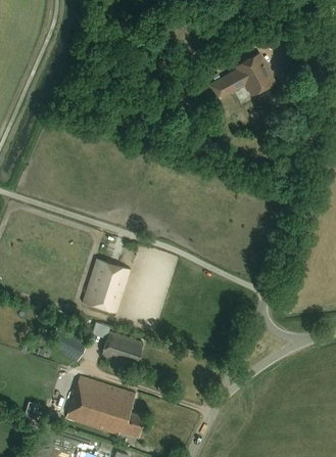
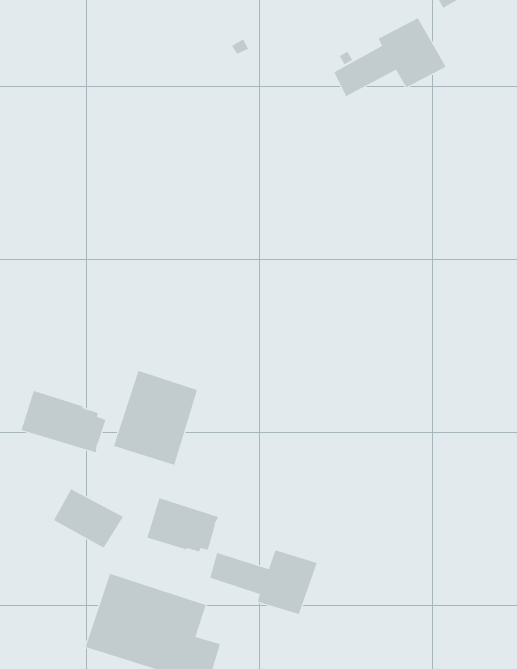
building: none -> [21,390,106,453]
building: none -> [210,550,317,615]

